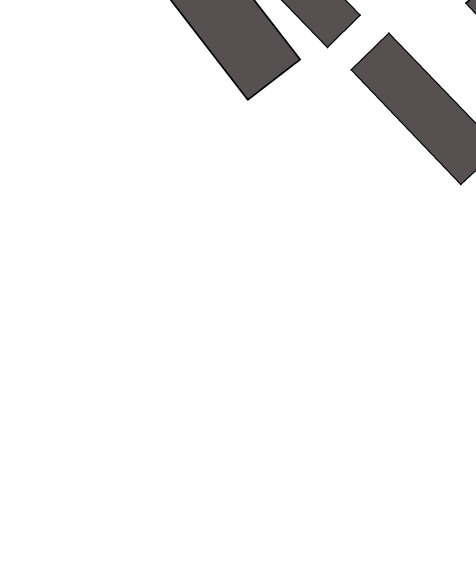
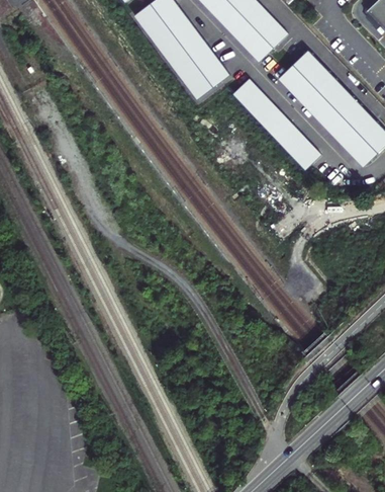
building: none -> [230,85,320,176]

